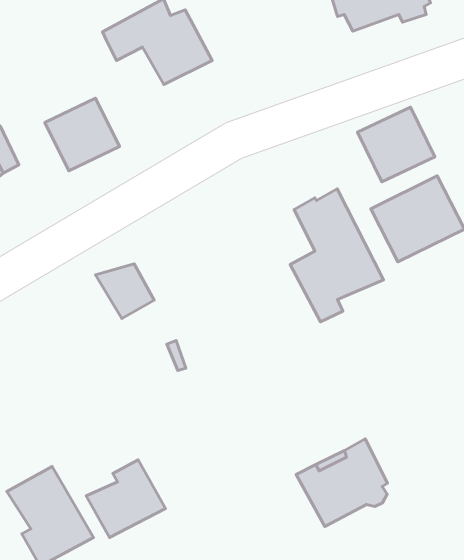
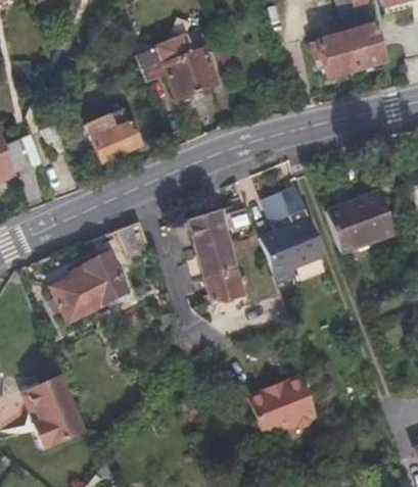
building: [358,107,435,182] -> none
building: none -> [188,214,243,305]
building: none -> [54,251,130,319]
building: [86,460,166,538] -> none

